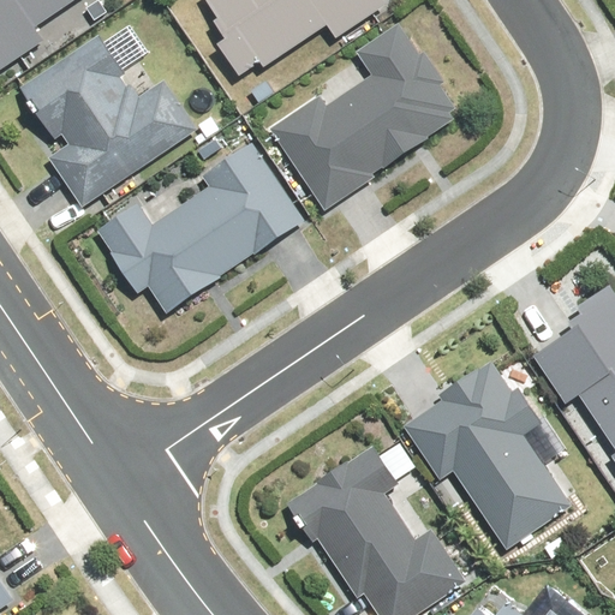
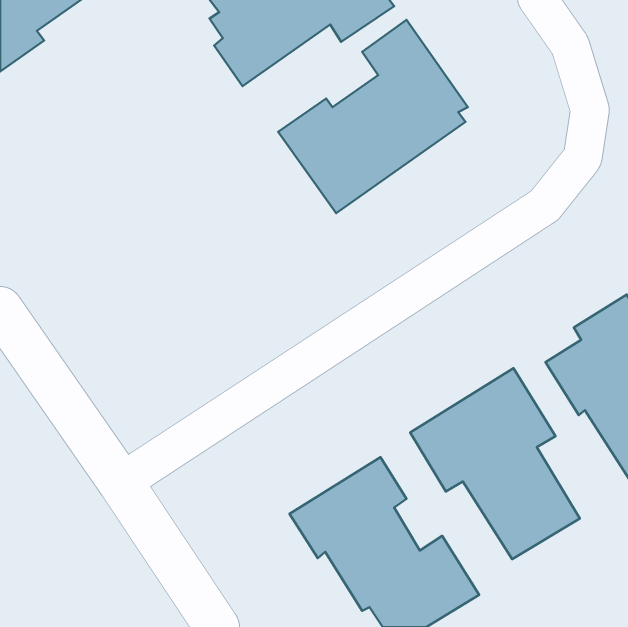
building: [22,41,196,204] -> none
building: [92,141,301,311] -> none

